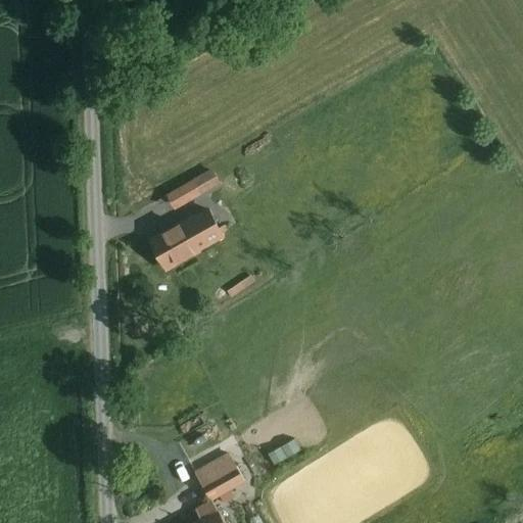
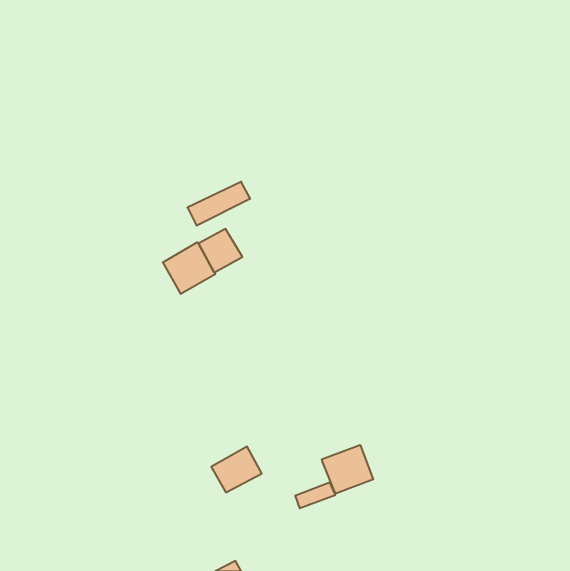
building: none -> [322,445,373,494]
building: [195,457,241,498] -> [211,447,262,492]

